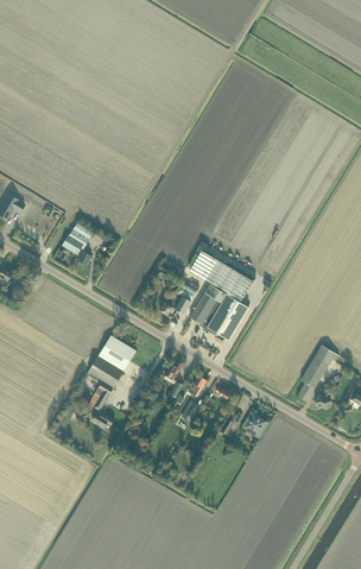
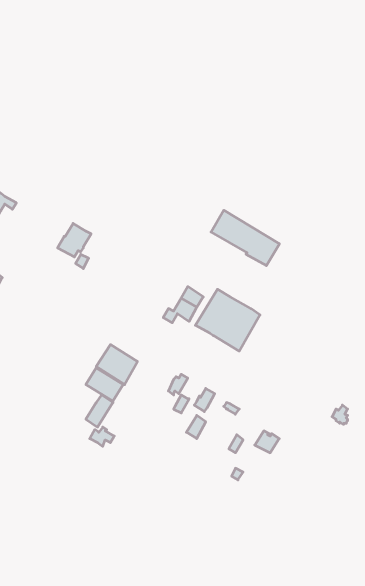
building: [189,251,252,302] -> [211,210,279,266]
building: [296,344,338,403] -> none

